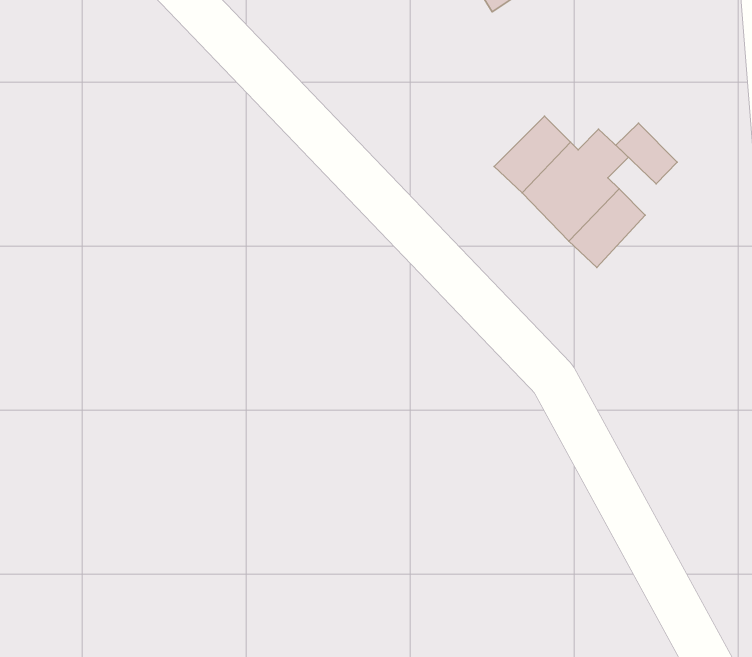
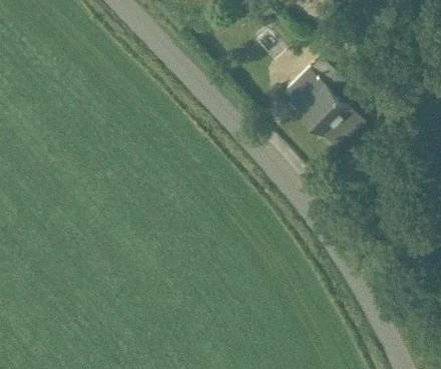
building: [616,123,677,184] -> none

